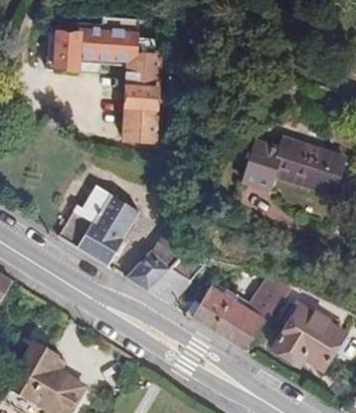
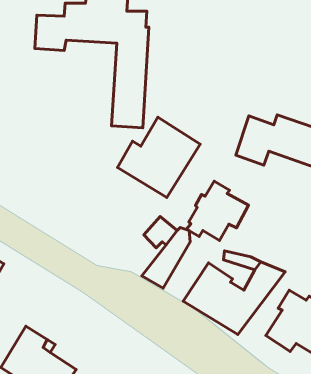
building: [57,187,140,267] -> [118,117,200,198]
building: none -> [187,181,249,240]
building: [128,253,175,294] -> none

